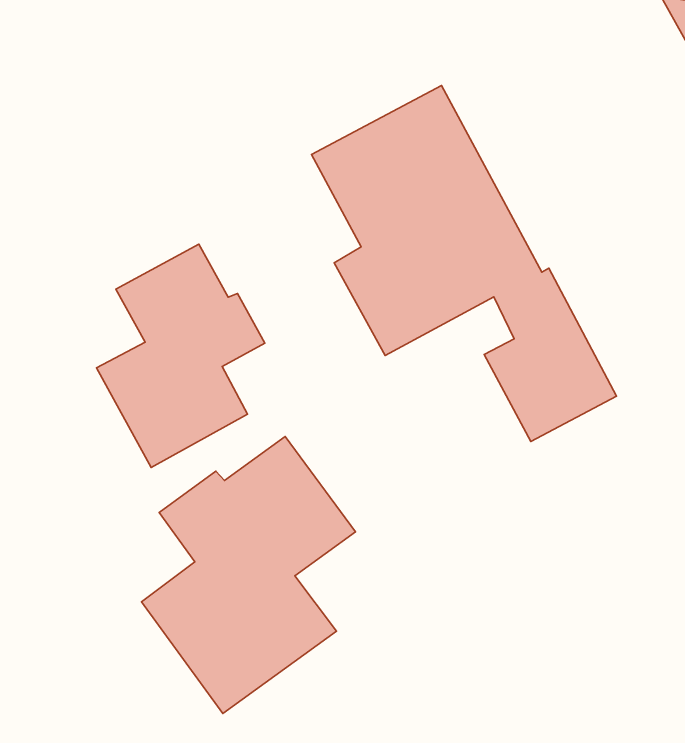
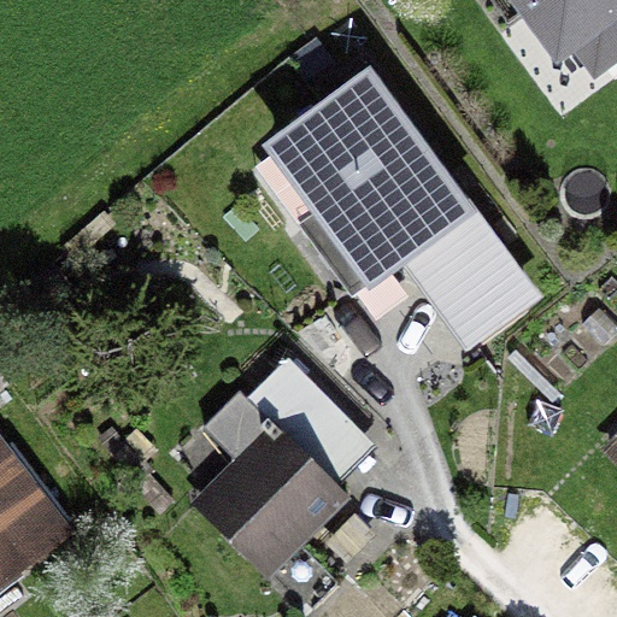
building: [96,244,265,467] -> none

